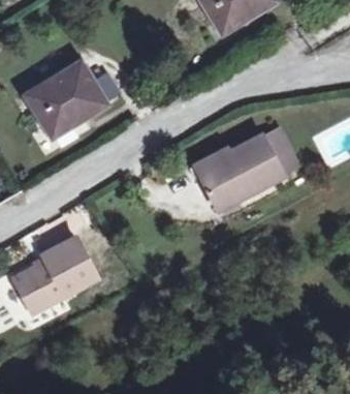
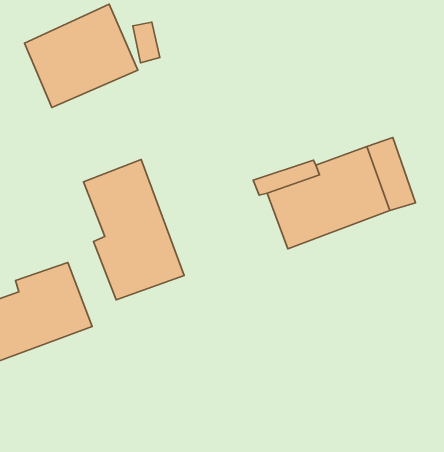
building: none -> [84,159,184,300]

